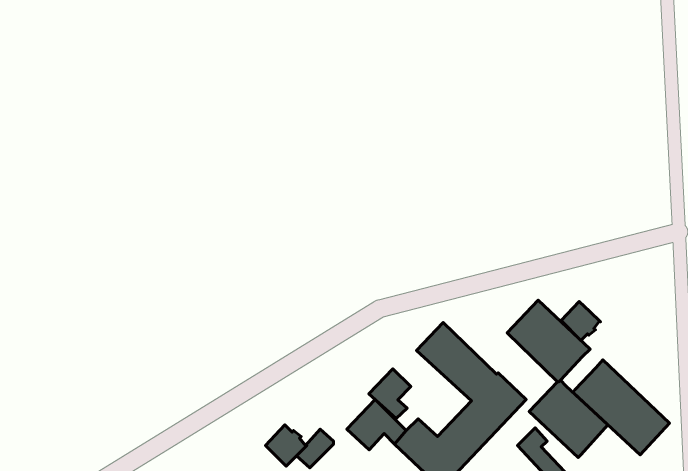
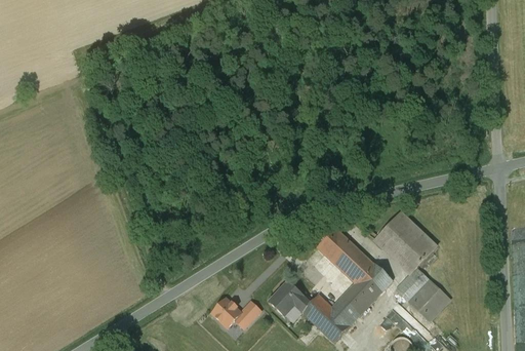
building: [561,301,600,341] -> none
building: [573,360,670,455] -> none
building: [369,369,411,419] -> none

